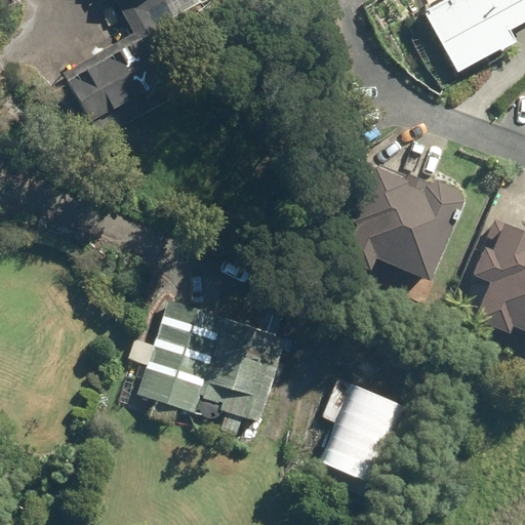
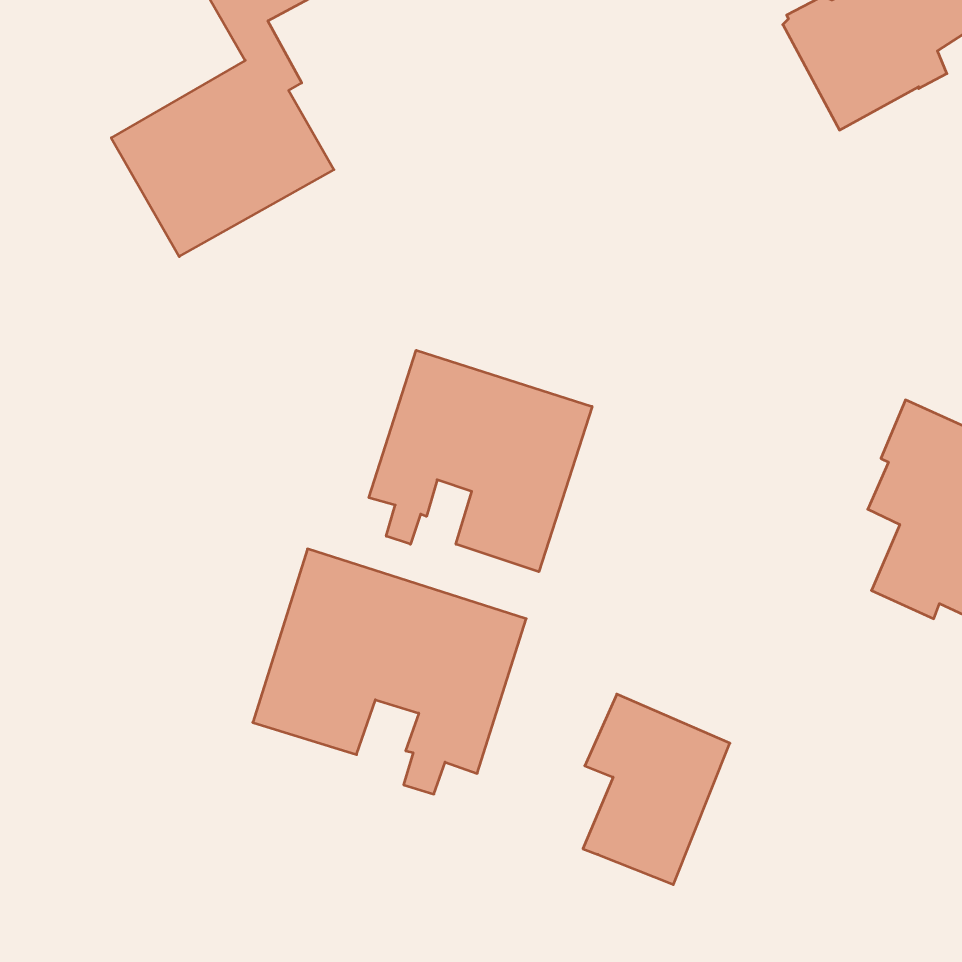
building: [335,162,461,287] -> none
building: none -> [369,350,592,572]

